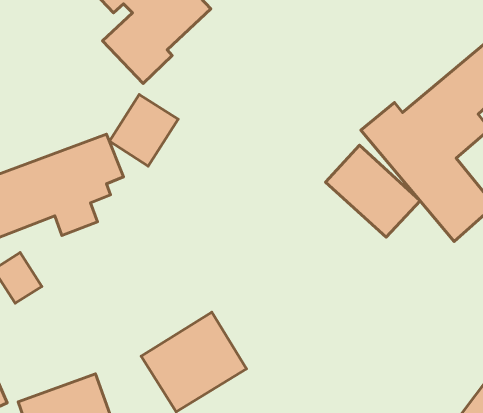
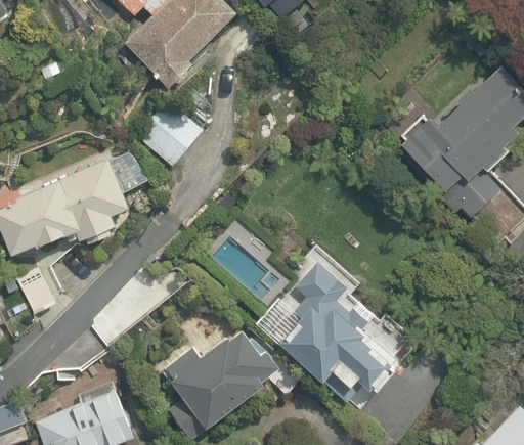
building: [326,145,420,237] -> none
building: none -> [280,253,418,398]

